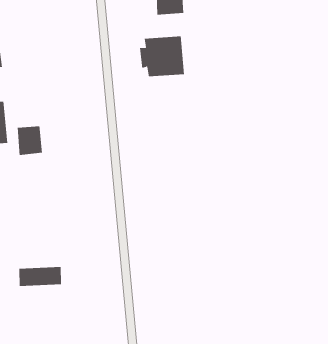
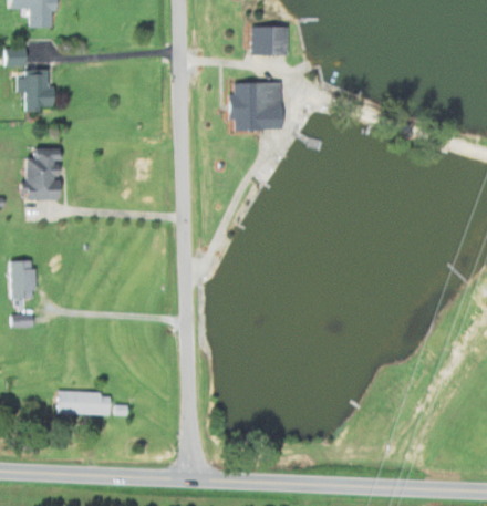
building: [17,126,43,156] -> none
building: [18,267,62,287] -> [59,390,113,413]

